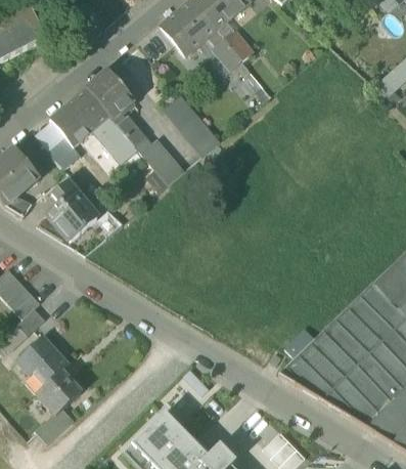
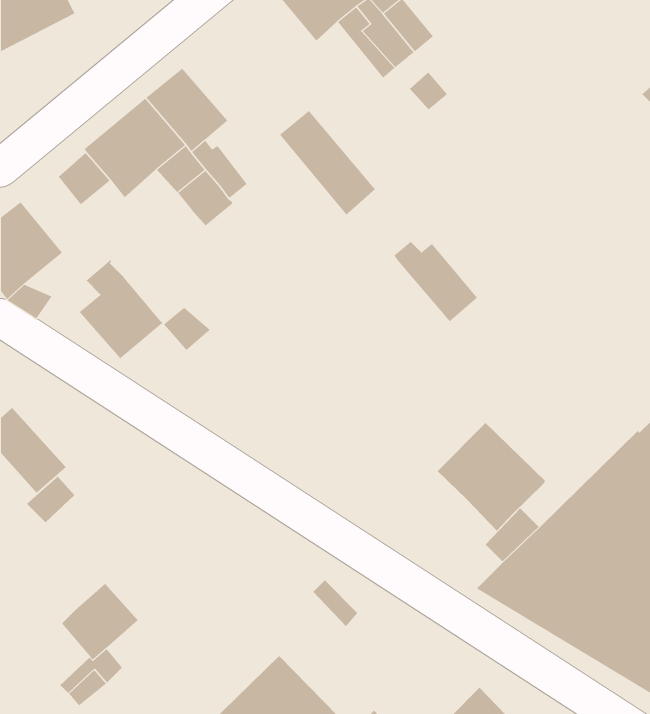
building: [46,135,81,169] -> none
building: [135,137,184,184] -> [393,241,478,322]
building: none -> [437,422,546,532]
building: [16,336,69,385] -> none

